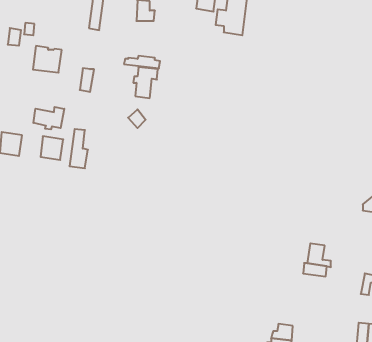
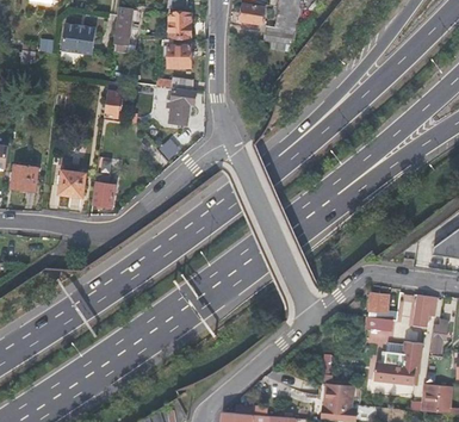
building: none -> [162,37,191,66]
building: [33,46,62,73] -> [62,23,95,54]
building: [33,107,64,129] -> none
building: none -> [413,294,435,325]
building: none -> [373,340,423,384]

